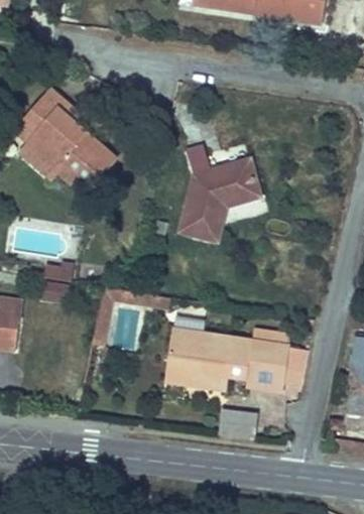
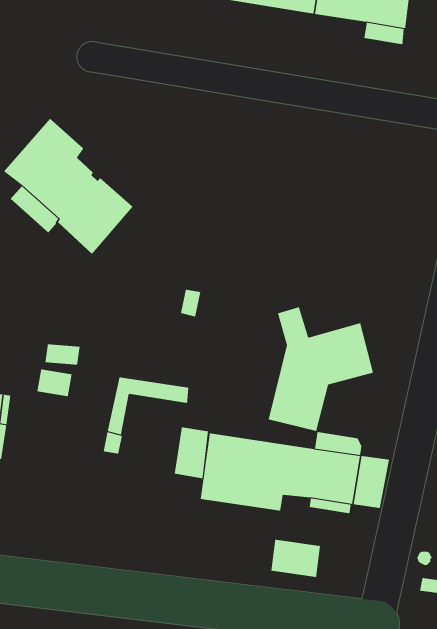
building: [179,145,260,240] -> [268,307,374,431]
building: none -> [174,426,209,479]

